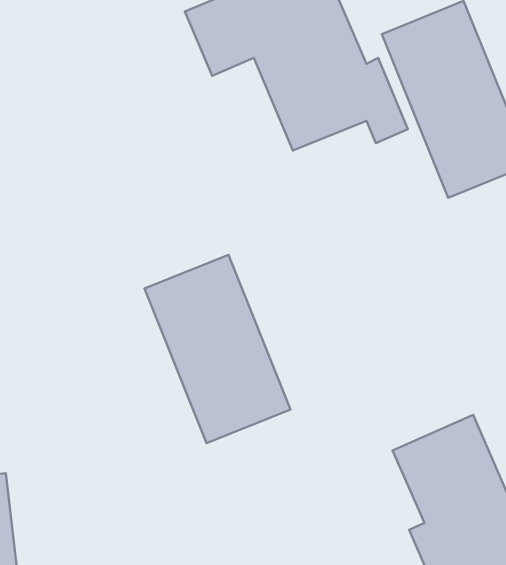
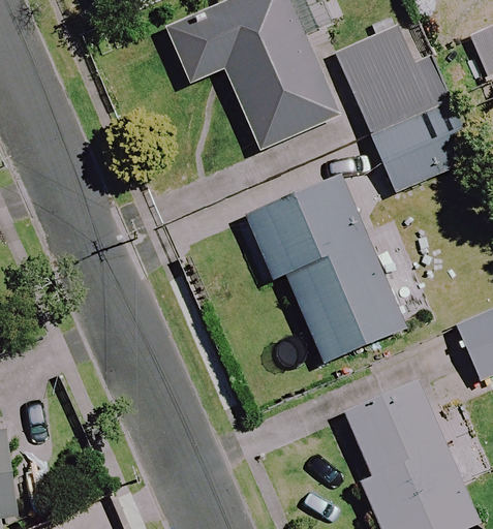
building: none -> [244,173,403,363]
building: [144,255,291,443] -> none

